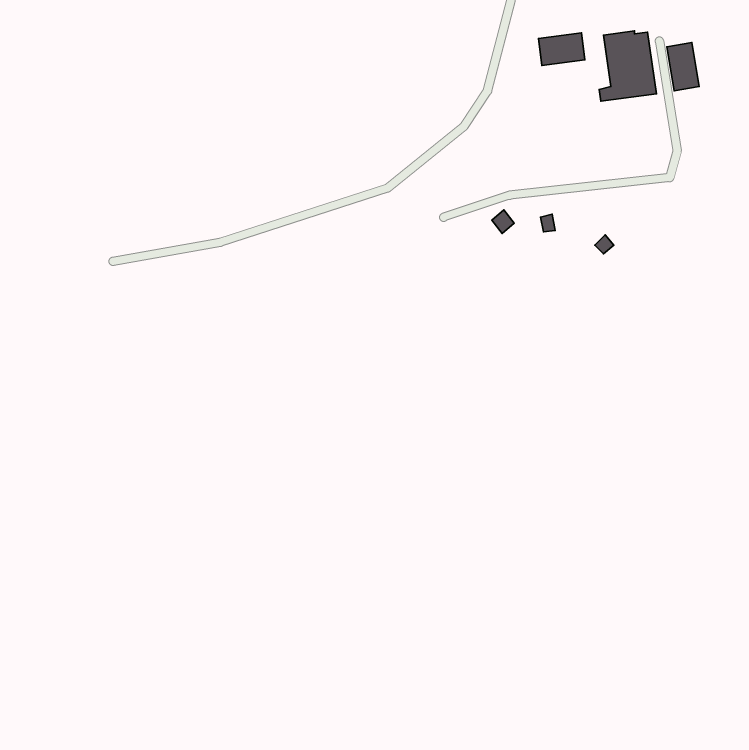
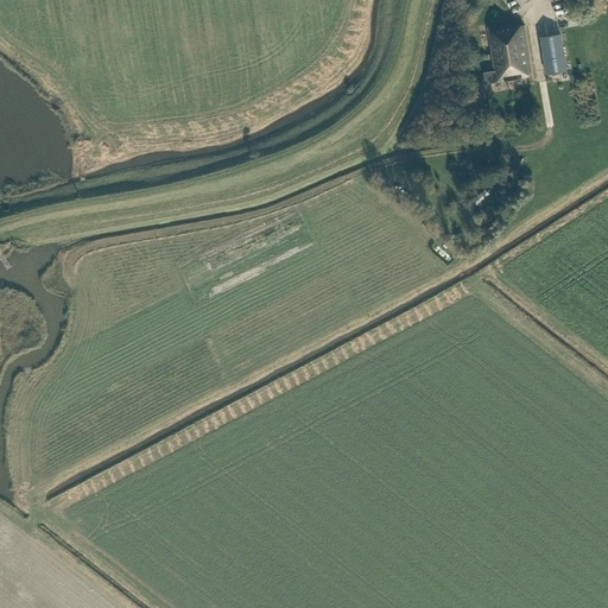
building: [539,33,585,65] -> none

